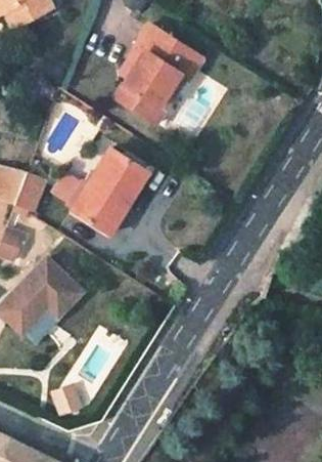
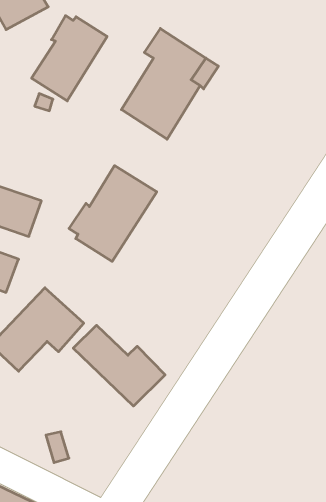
building: none -> [32,16,107,101]
building: none -> [73,325,165,406]

